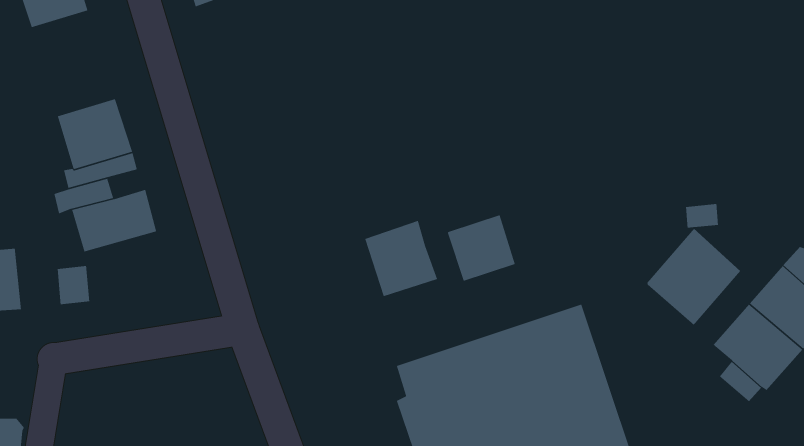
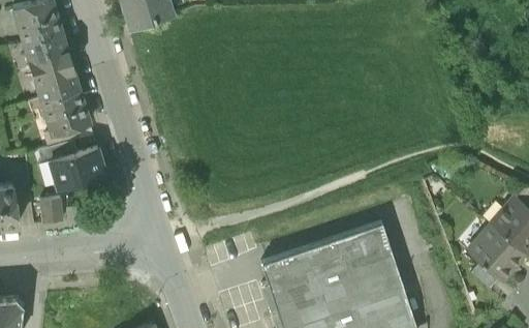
building: none -> [24,32,79,100]
building: [447,214,516,282] -> none
building: [364,220,438,297] -> none
building: [646,228,741,326] -> none

